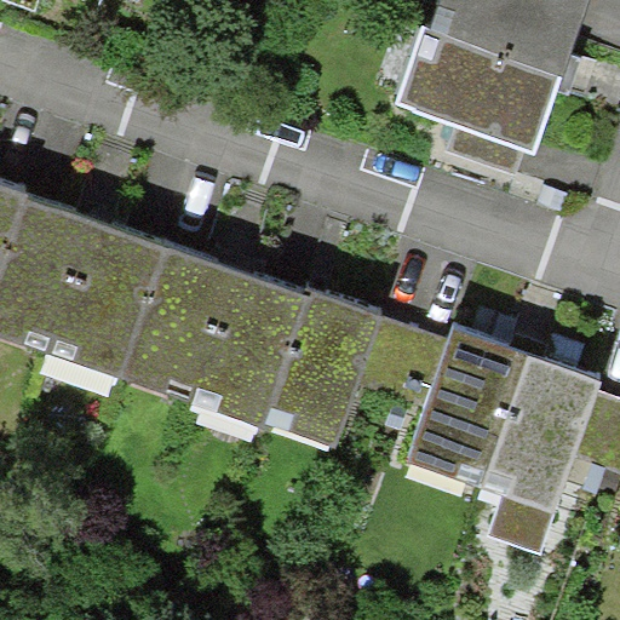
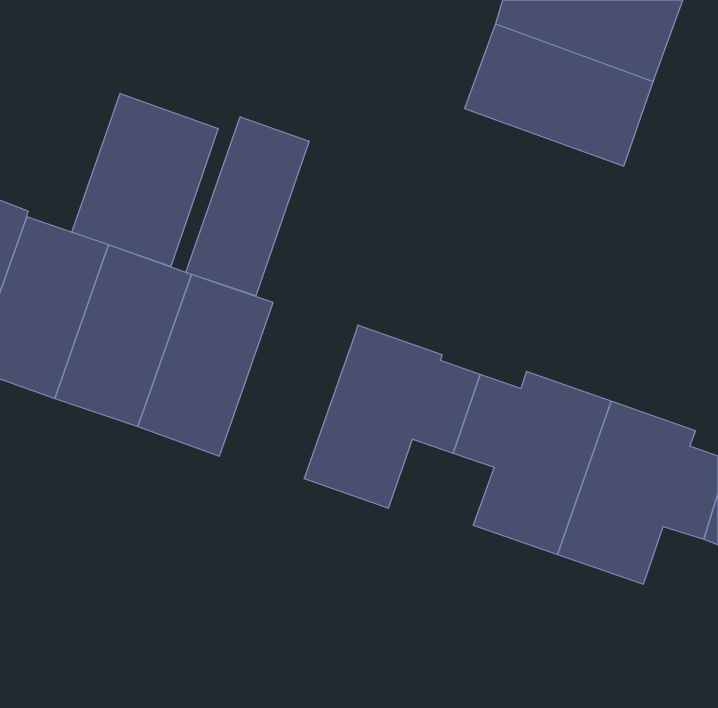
building: none -> [72,93,218,266]
building: none -> [186,117,309,296]
building: [189,270,306,426] -> none

